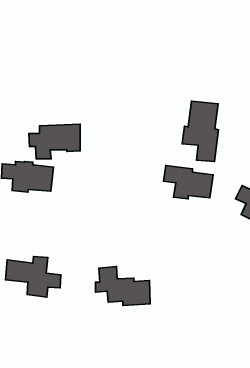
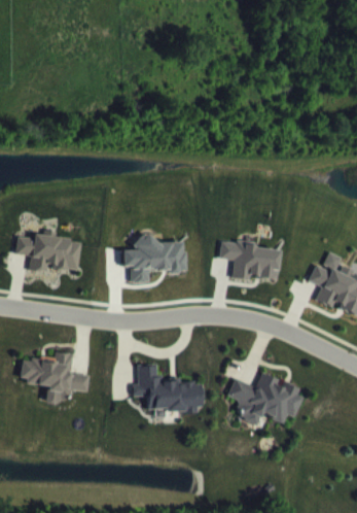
building: [182,101,219,162] -> none
building: [29,124,80,159] -> [120,239,184,282]
building: none -> [227,373,304,425]

